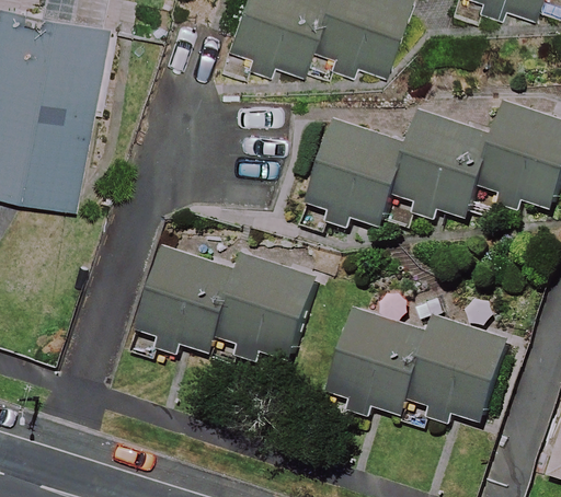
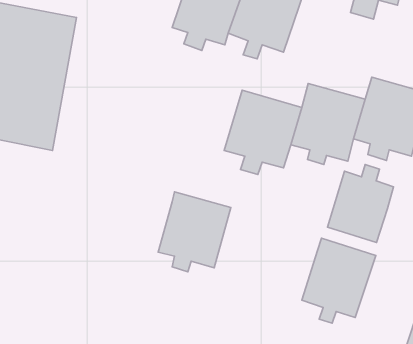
building: none -> [327,165,394,243]
building: [138,247,236,357] -> none
building: [332,310,428,418] -> none

